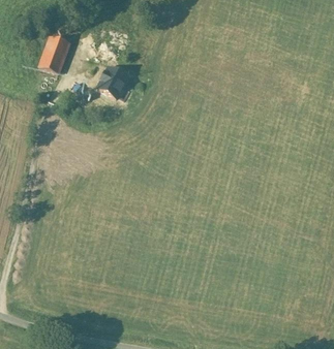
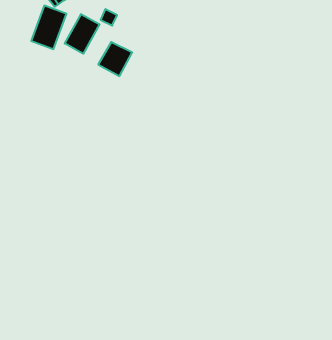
building: none -> [65,14,100,54]

